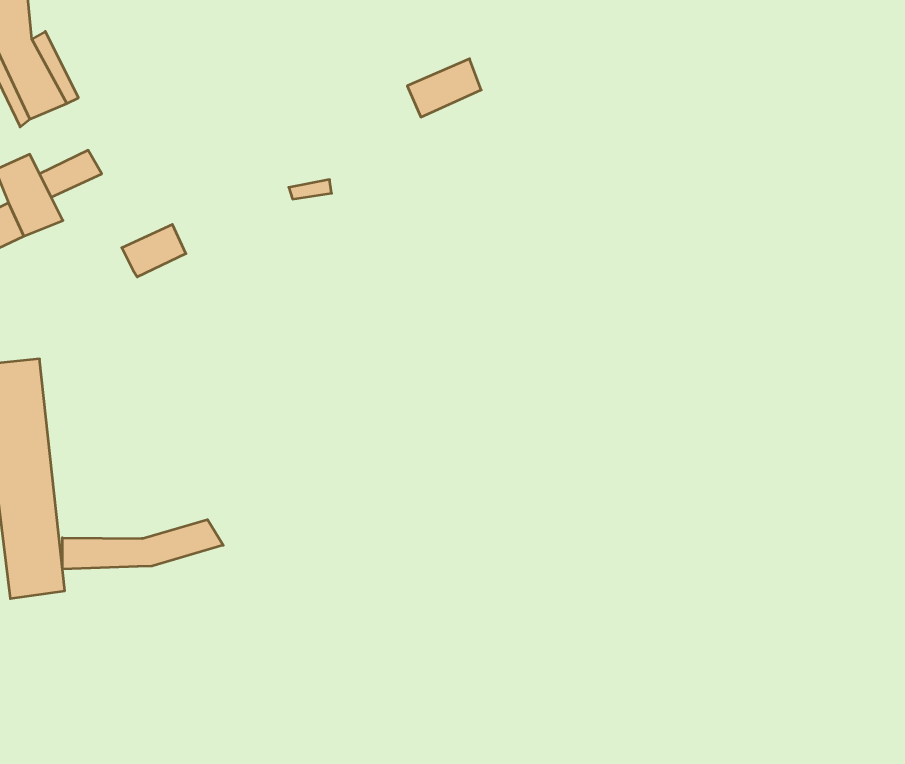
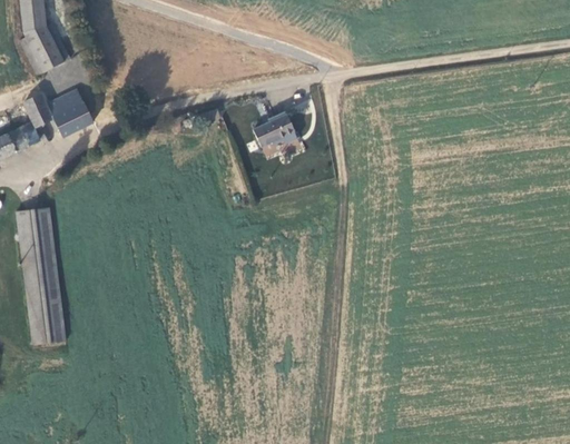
building: [407,59,481,117] -> [252,114,294,147]
building: [122,224,186,277] -> [56,102,92,132]
building: [62,520,223,569] -> none

